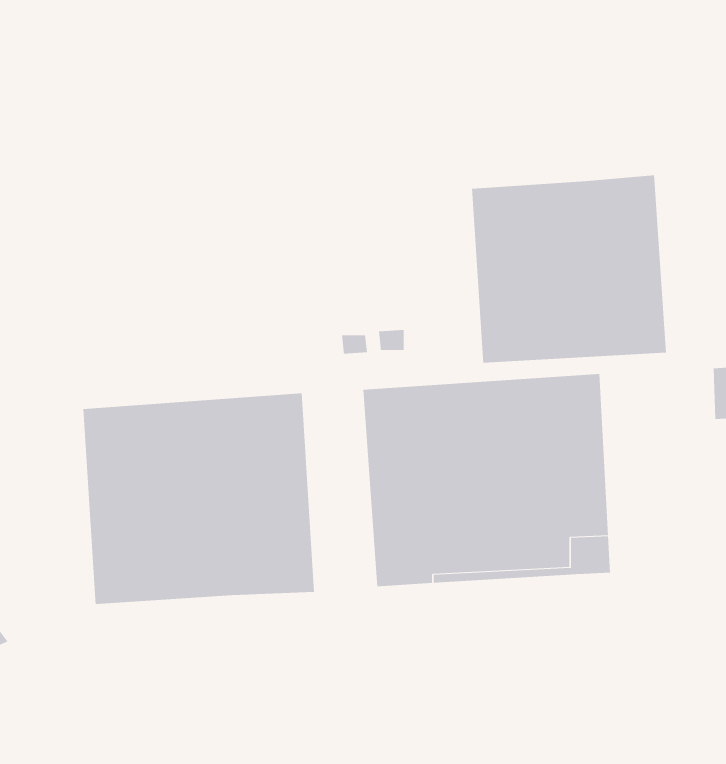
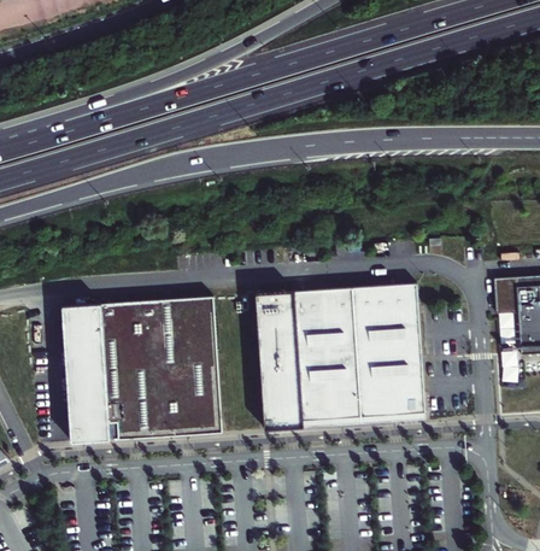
building: [471,175,666,363] -> none

